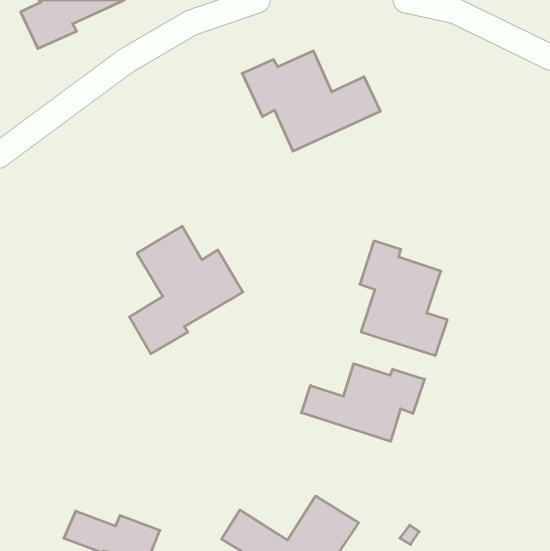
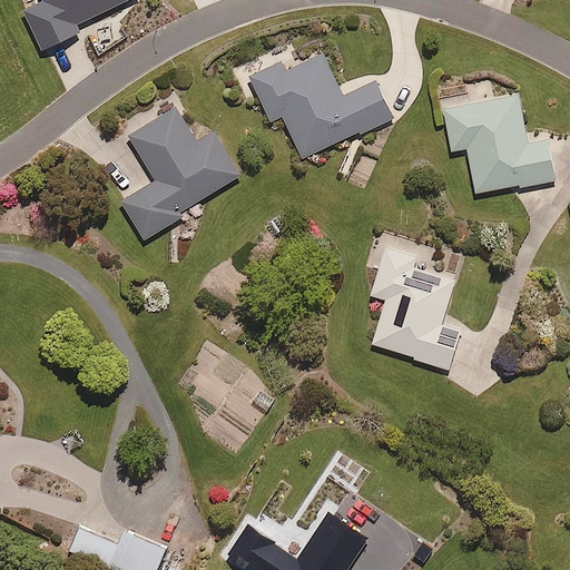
building: none -> [443,92,556,193]
building: [129,226,243,354] -> [121,108,238,239]
building: [301,364,425,441] -> none

